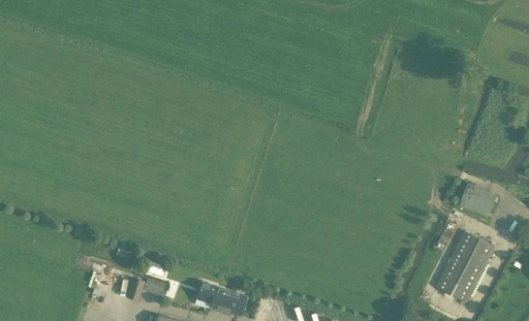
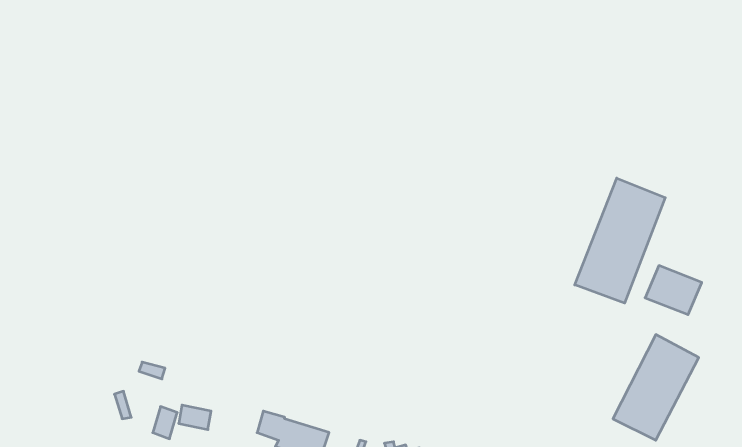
building: none -> [575,178,665,303]

